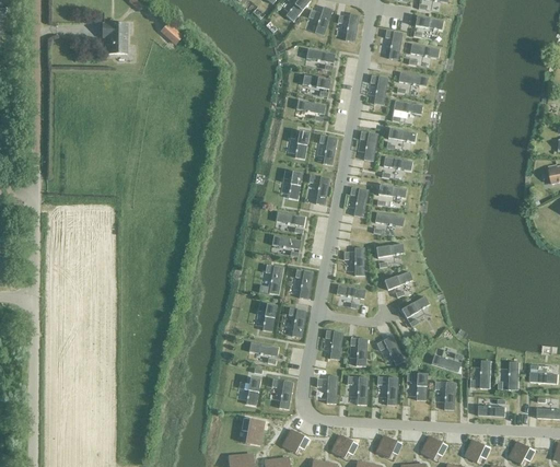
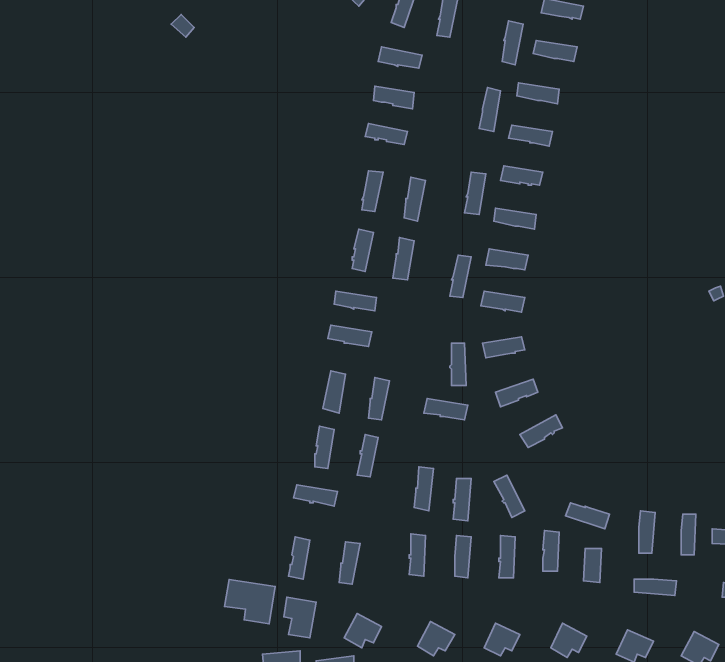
building: [101,22,126,52] -> none
building: none -> [224,580,275,624]

